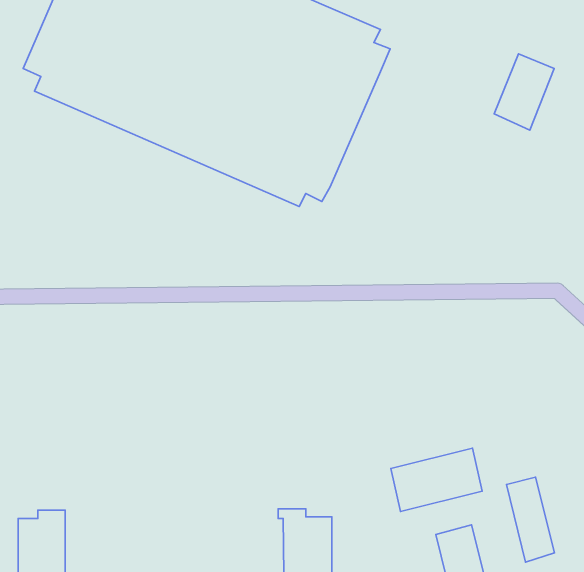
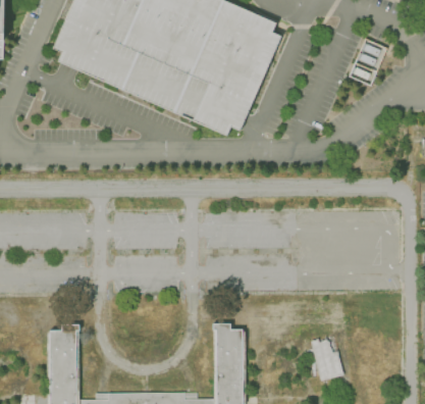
building: [391,448,482,512] -> none
building: [507,477,554,562] -> none

